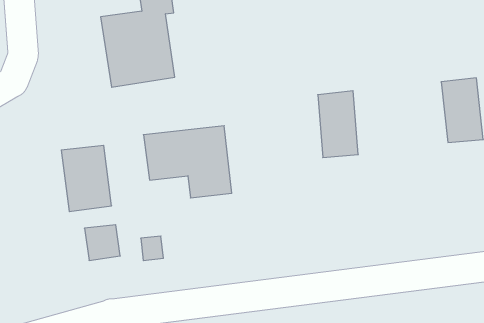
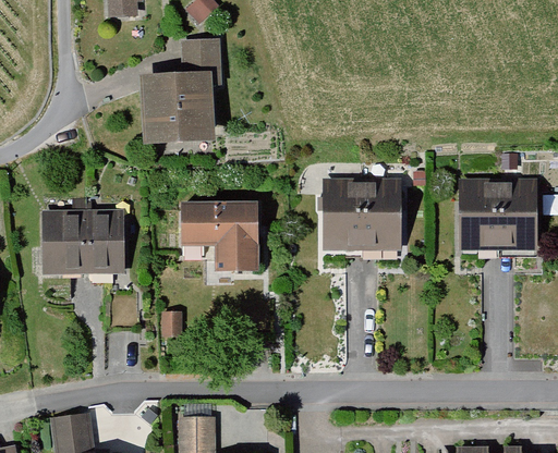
building: none -> [458,181,499,247]
building: none -> [323,180,366,248]
building: none -> [33,209,87,277]

